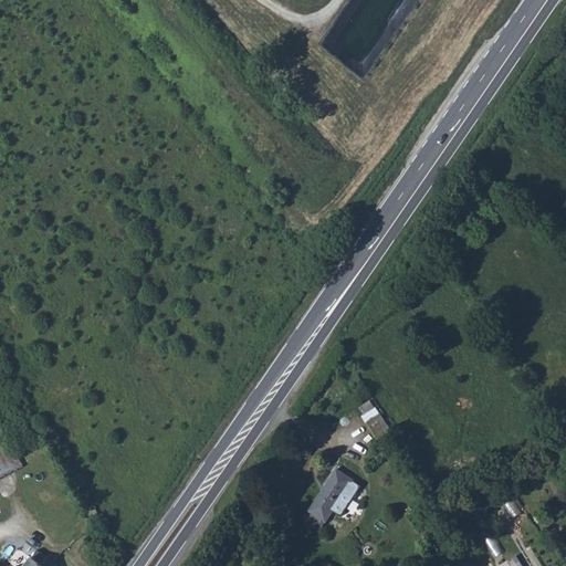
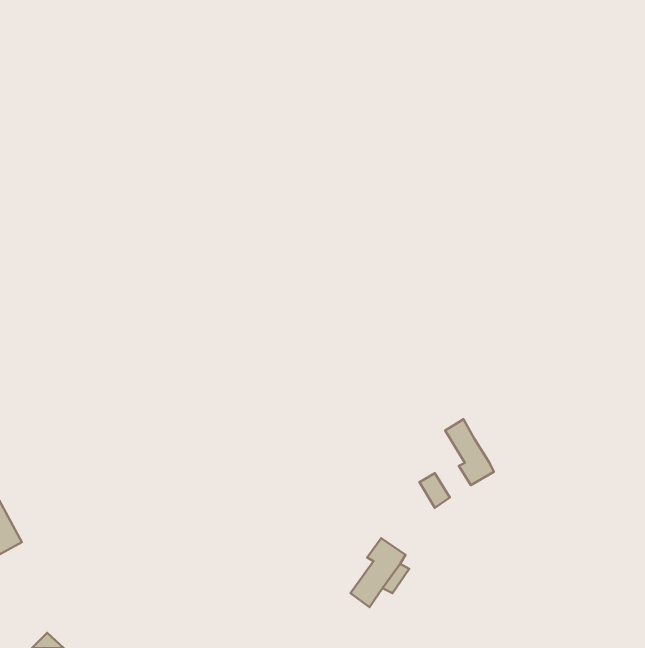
building: none -> [445,419,494,485]

